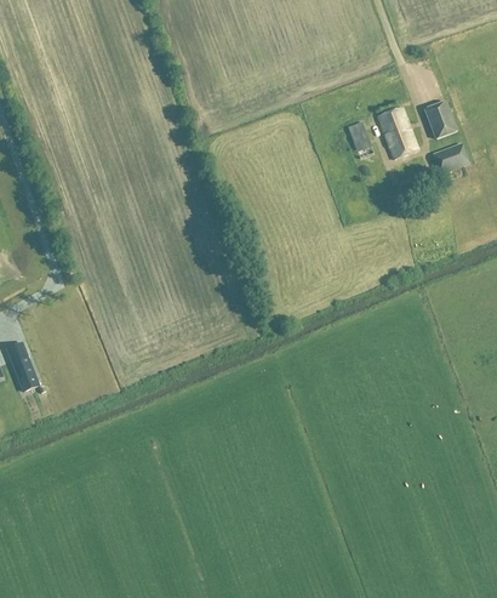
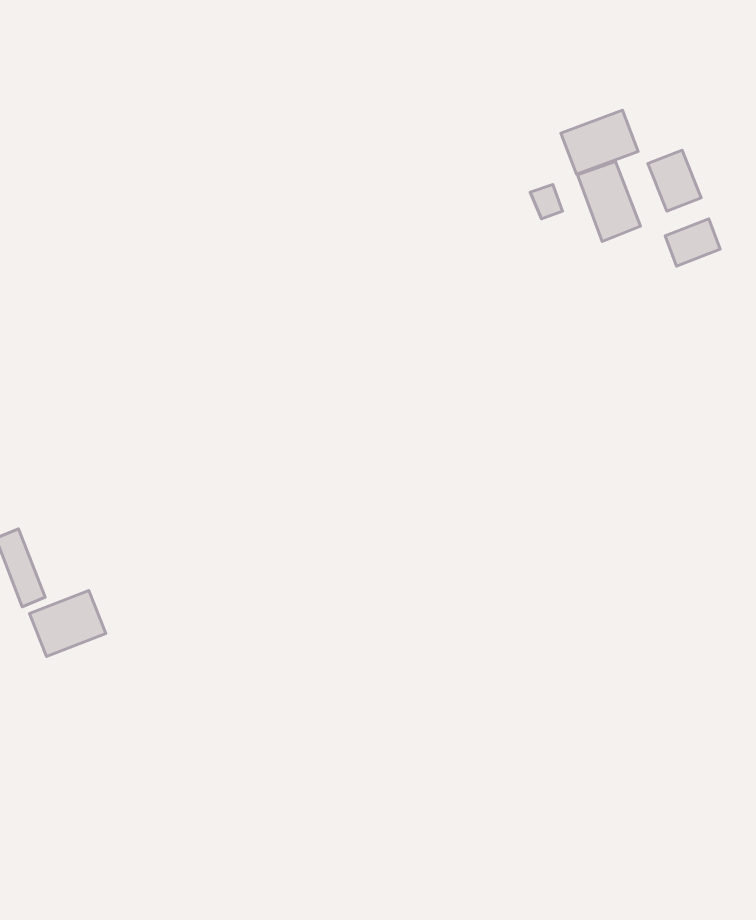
building: none -> [561,110,638,174]
building: none -> [29,590,106,656]

